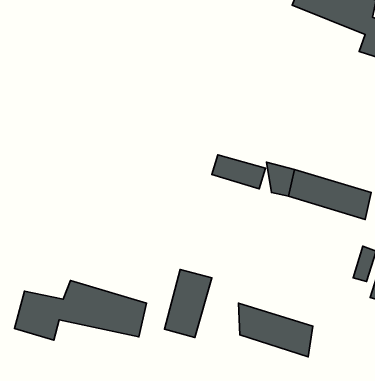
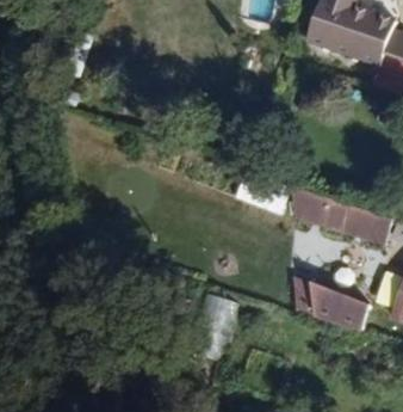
building: [14,280,147,340] -> none
building: [239,303,313,357] -> [293,279,366,332]

